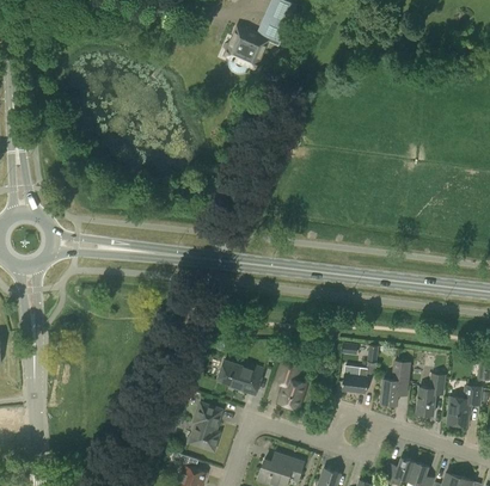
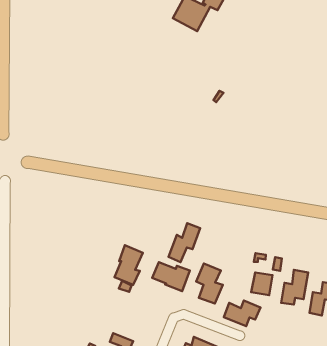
building: none -> [169,223,200,262]
building: none -> [224,301,260,326]
building: [189,402,222,451] -> [114,245,143,285]

